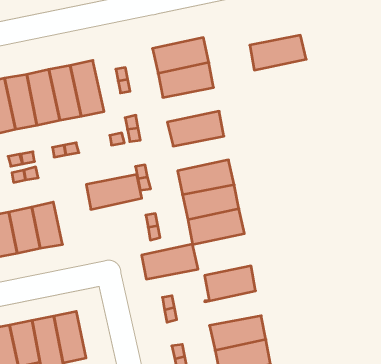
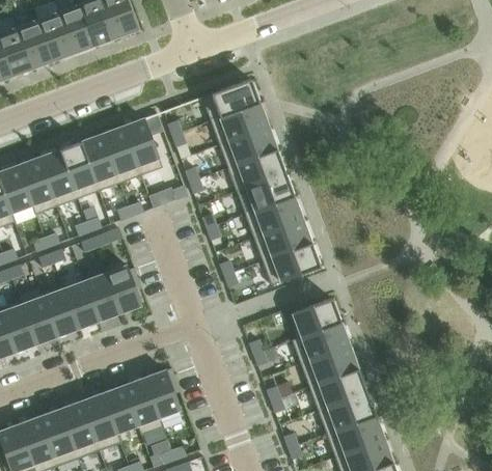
building: [250,35,306,70] -> [219,127,277,168]
building: [86,175,142,209] -> [237,173,294,215]
building: [142,244,198,279] -> [292,322,350,363]

